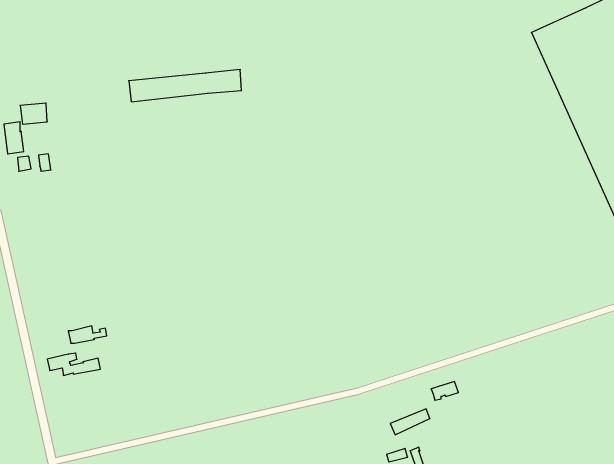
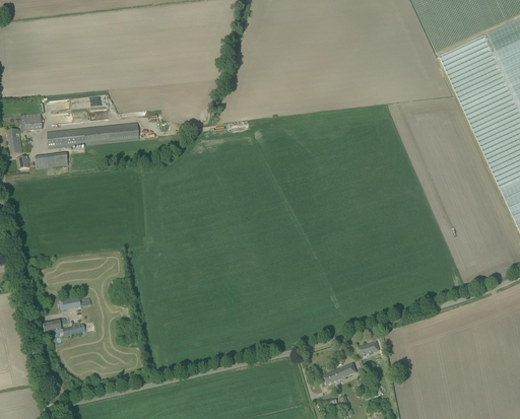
building: [129,70,241,102] -> [47,122,139,148]

